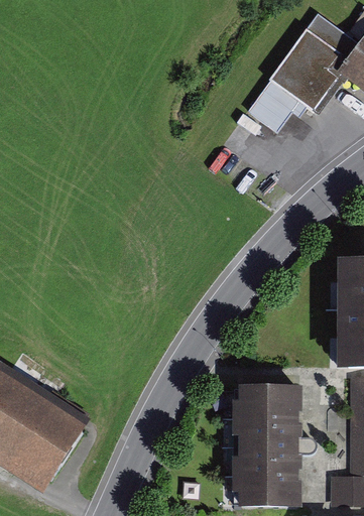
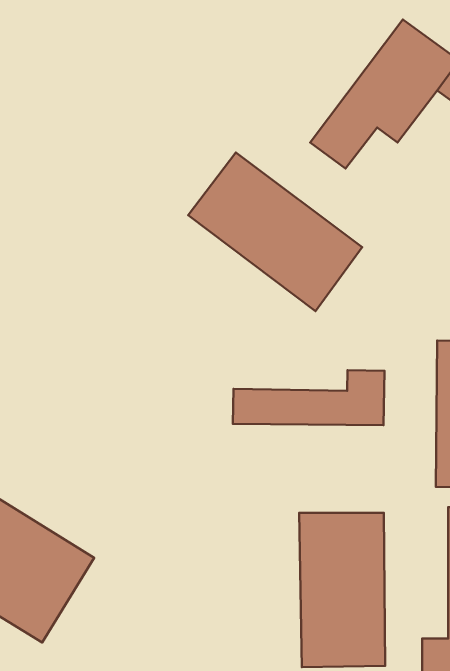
building: none -> [188,152,362,311]
building: none -> [233,370,384,425]

